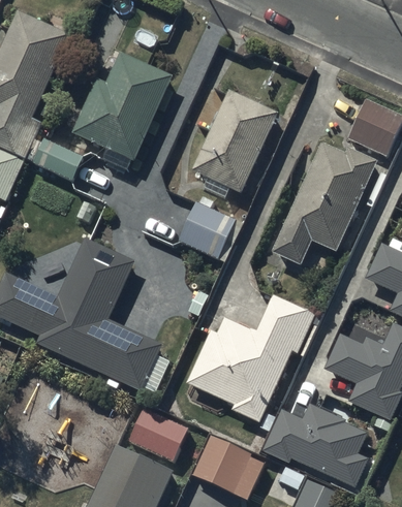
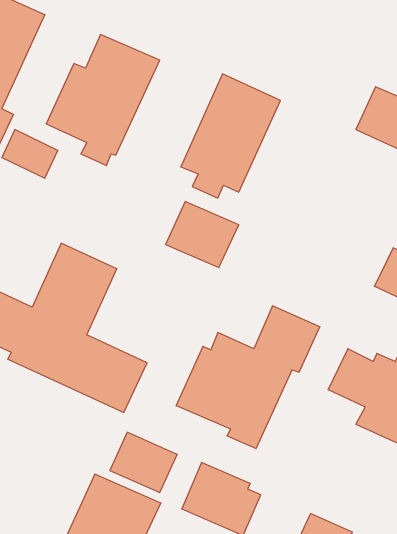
building: [273,142,377,264] -> none
building: [261,402,368,485] -> none

